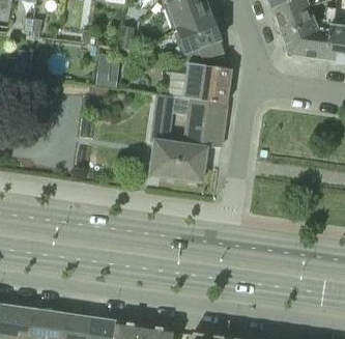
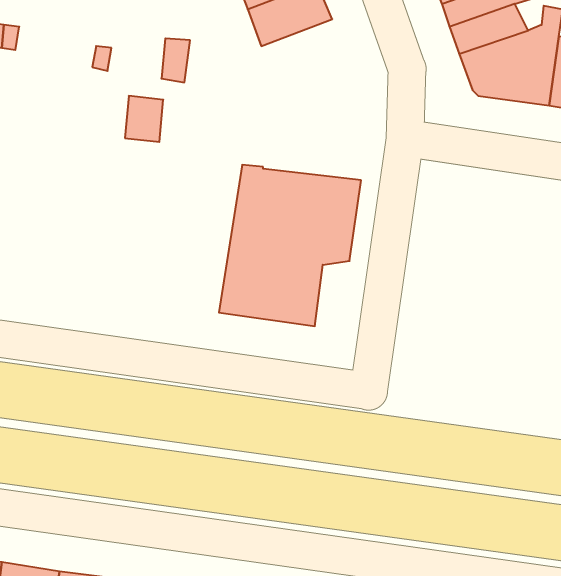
building: [173,15,225,59] -> none
building: [183,62,231,102] -> none

